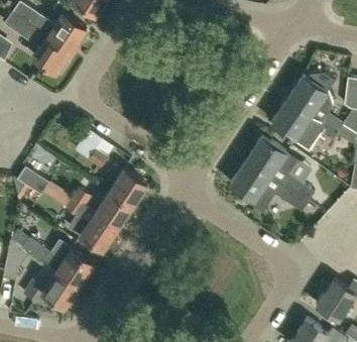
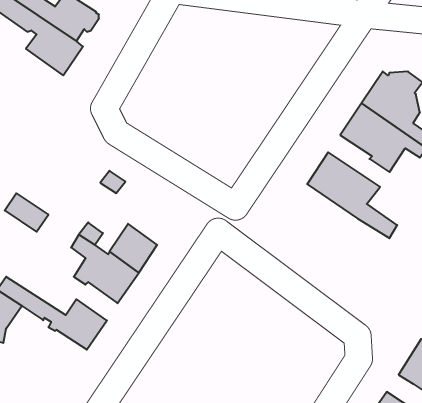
building: [231,159,309,211] -> none
building: [110,168,147,206] -> none
building: [30,261,79,307] -> none

